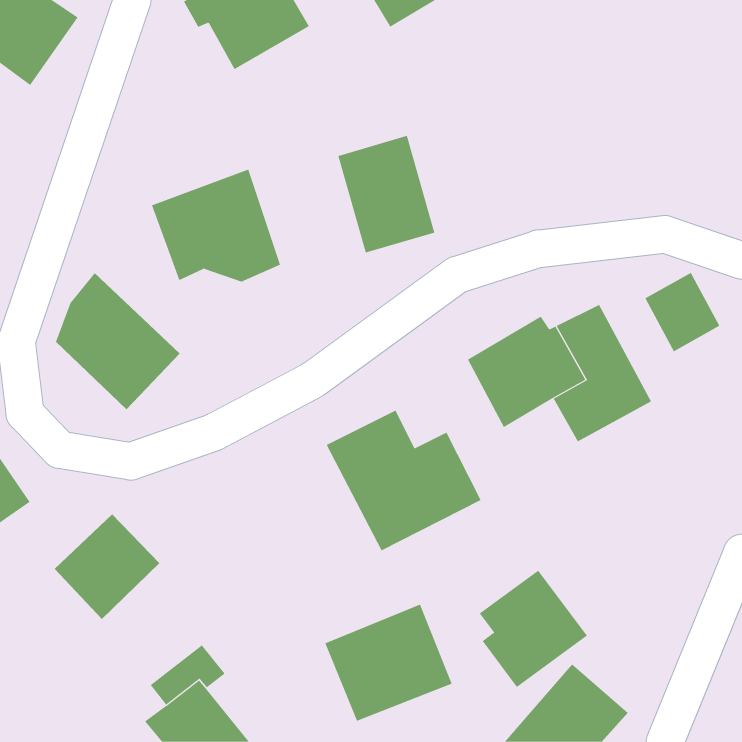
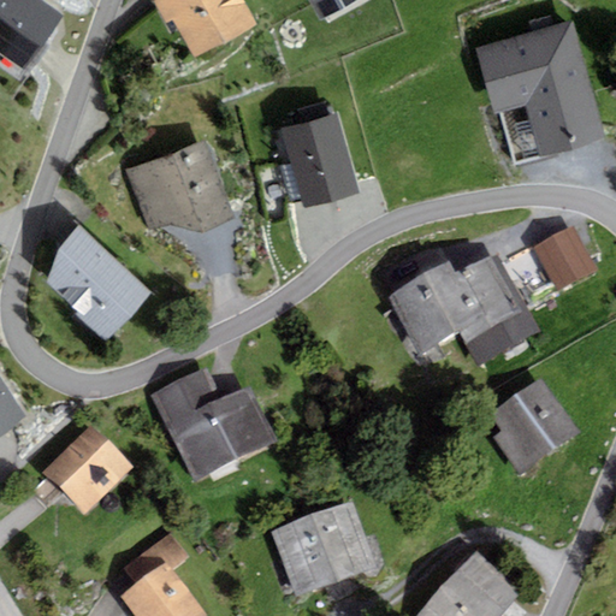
building: none -> [474,19,604,164]
building: [326,410,482,551] -> [148,366,277,482]
building: [479,570,588,688] -> [490,378,580,475]

